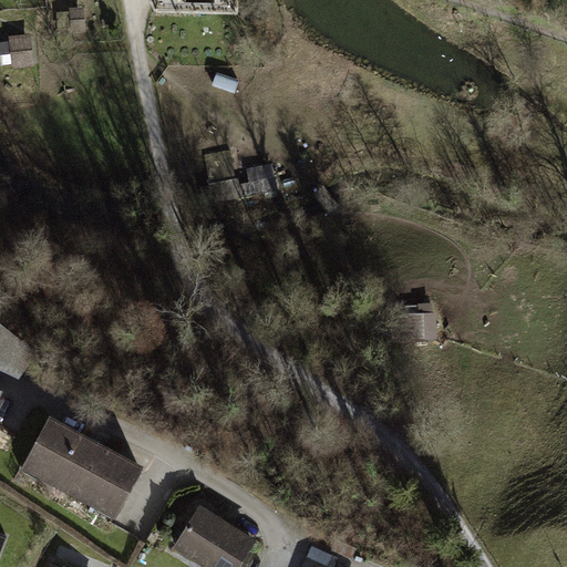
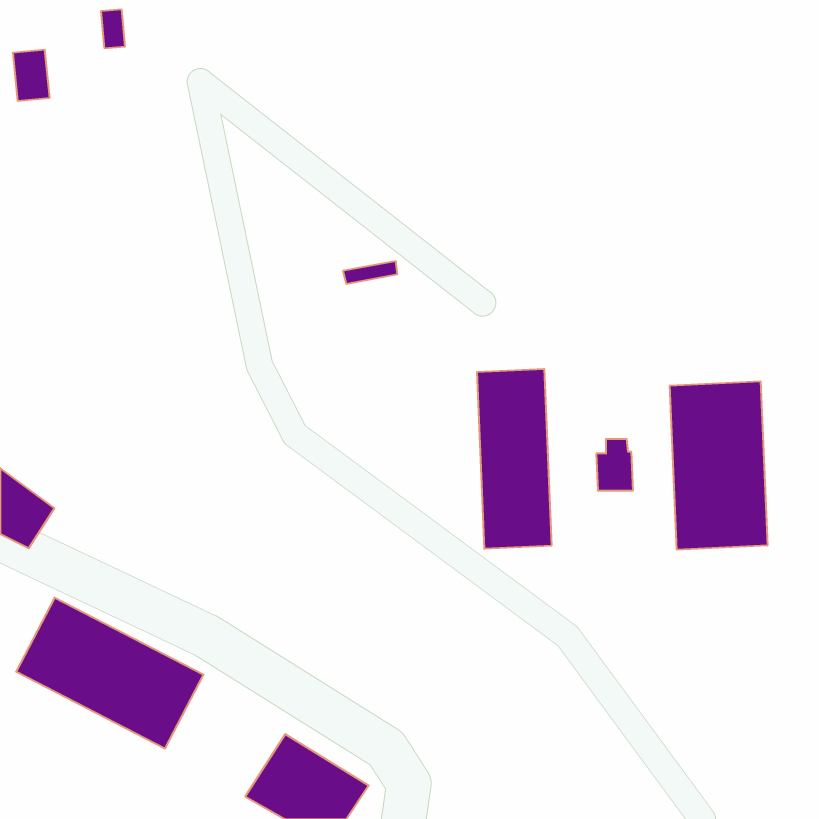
building: none -> [477,369,551,549]
building: none -> [670,381,767,550]

